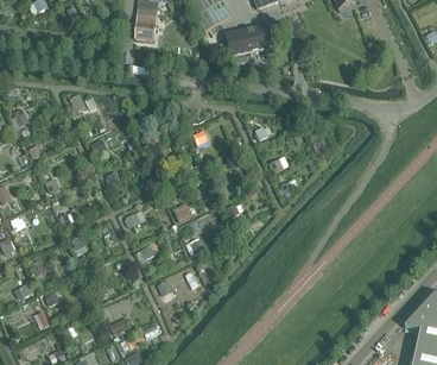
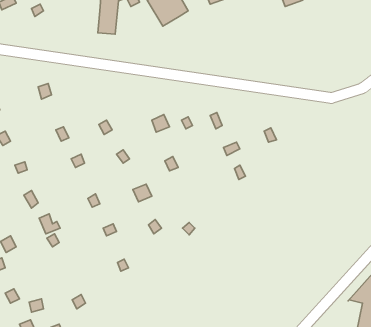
building: [216,24,270,57] -> none

